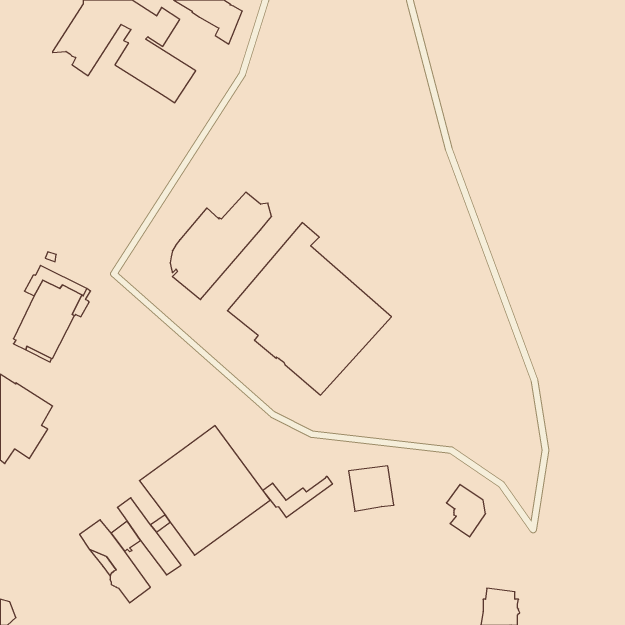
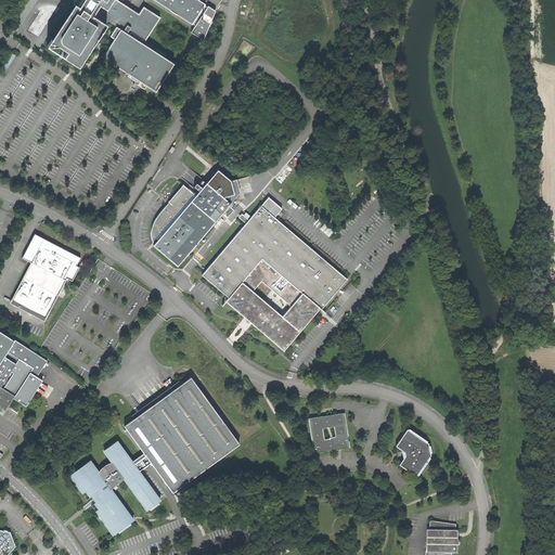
building: [263,476,332,518] -> none

